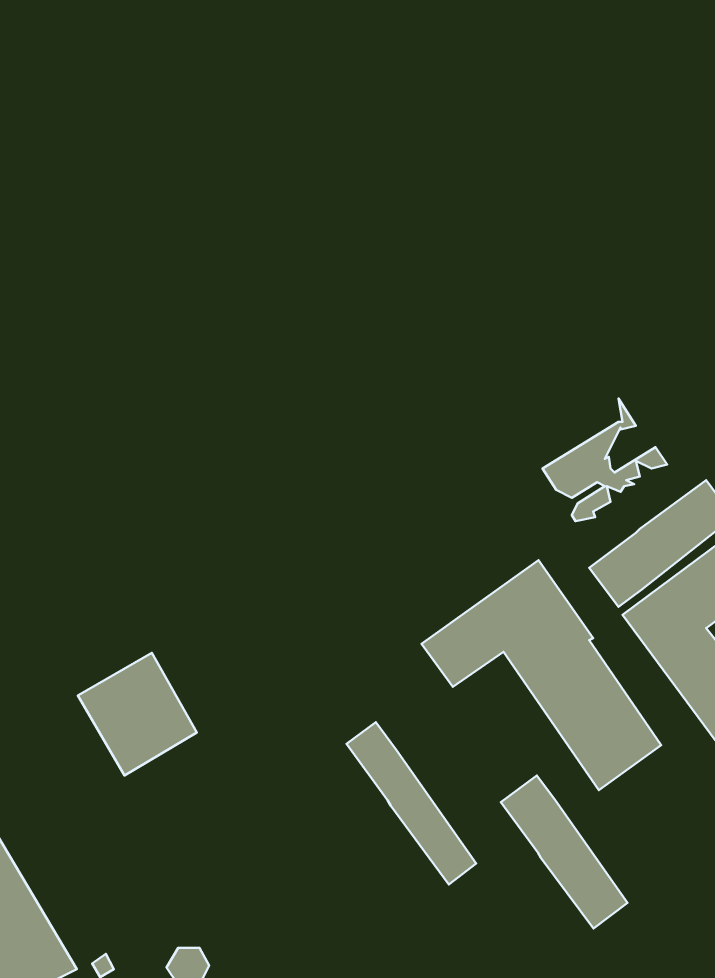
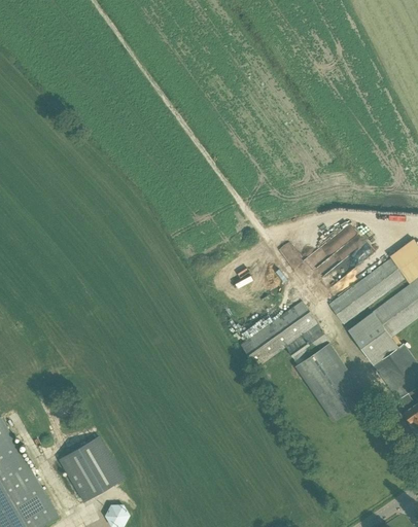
building: [78,653,197,775] -> [59,435,121,500]
building: [347,722,476,884] -> none
building: [501,775,627,928] -> none

